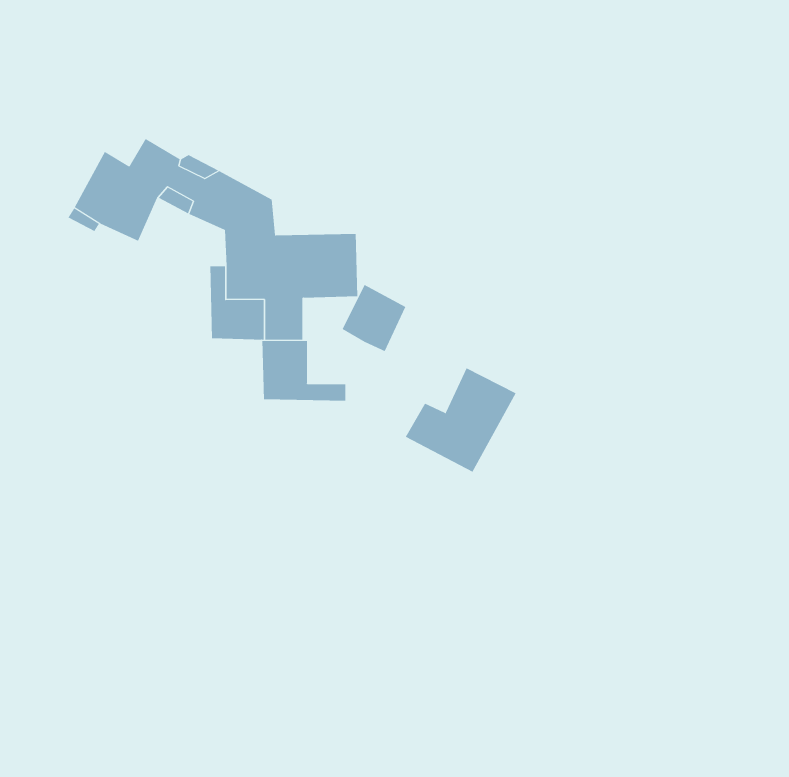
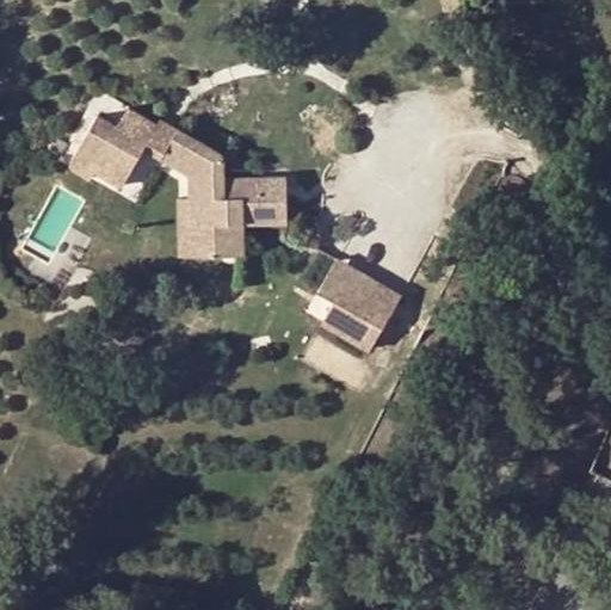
building: [342,284,406,352] -> [317,260,365,310]
building: [262,340,346,402] -> none

